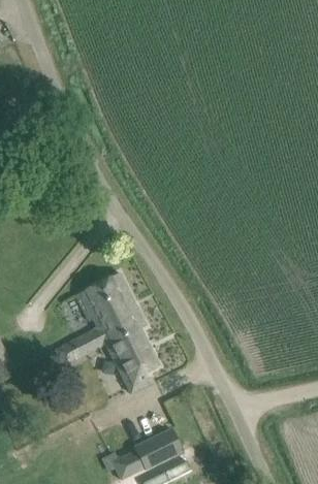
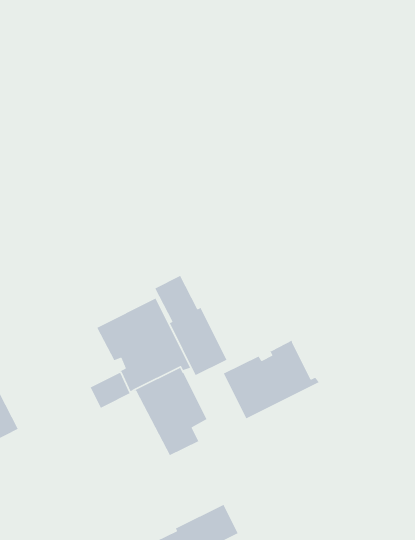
building: none -> [154,275,227,376]
building: none -> [223,339,320,419]

